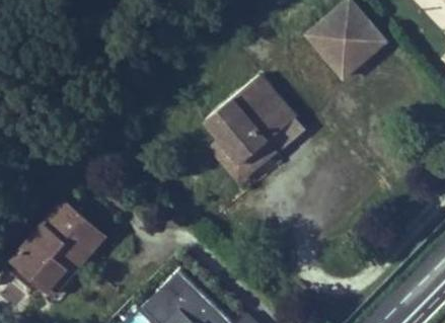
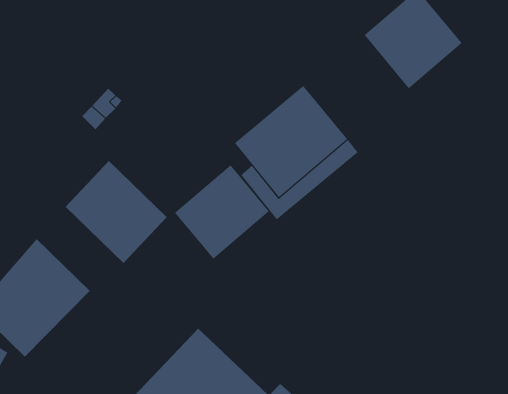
building: none -> [65,160,167,264]
building: none -> [174,165,270,259]

